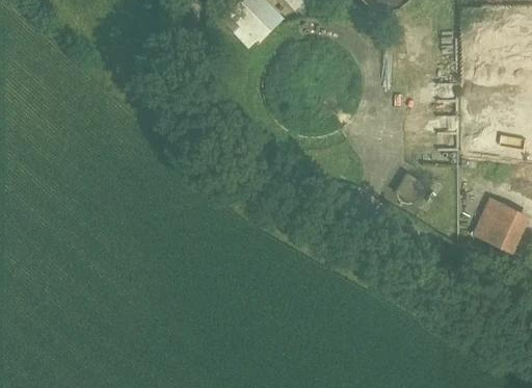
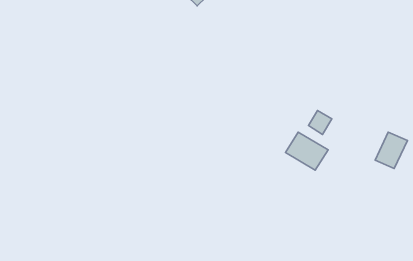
building: none -> [285,132,328,170]

